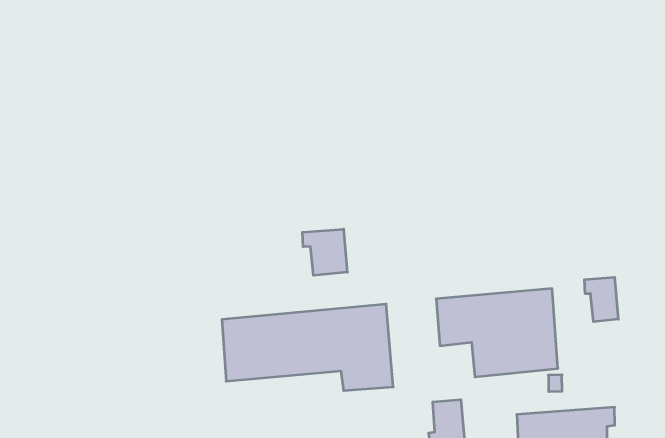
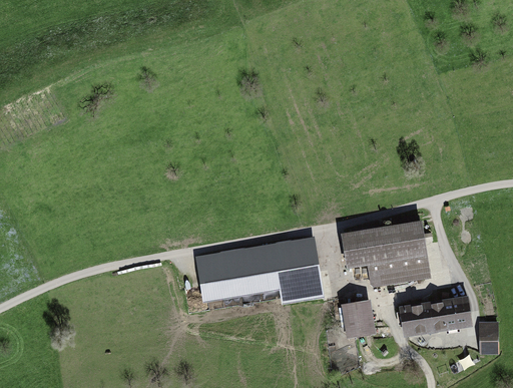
building: [302,229,347,275] -> none
building: [584,277,618,322] -> none

